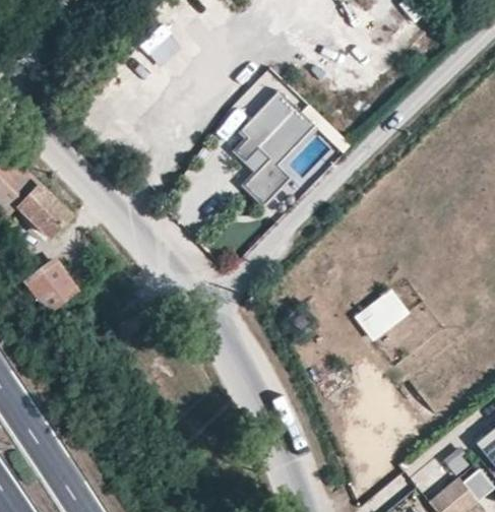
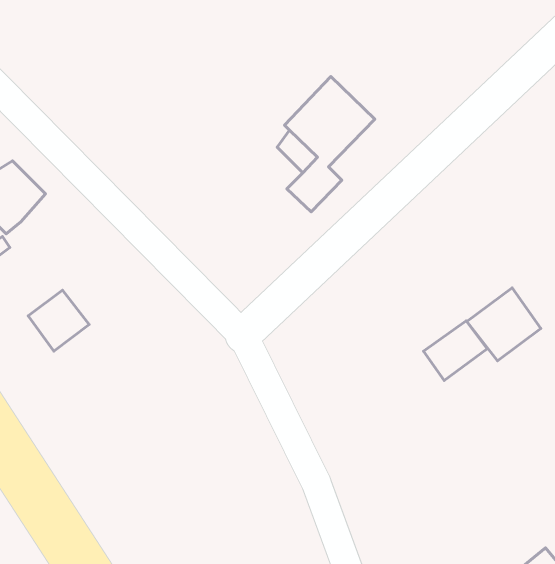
building: [20,186,73,240] -> none
building: none -> [467,288,541,361]

